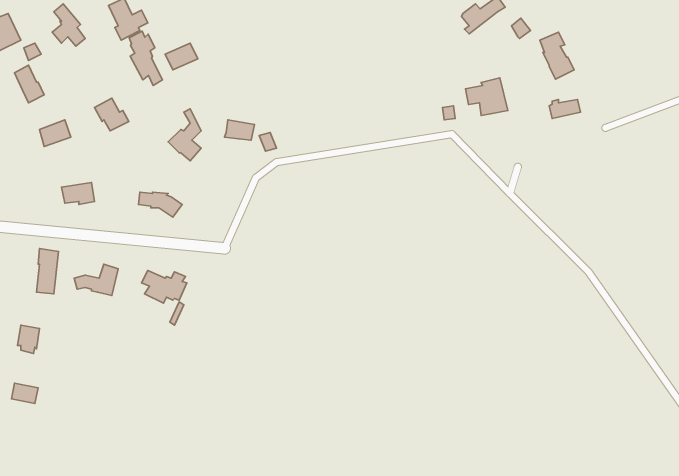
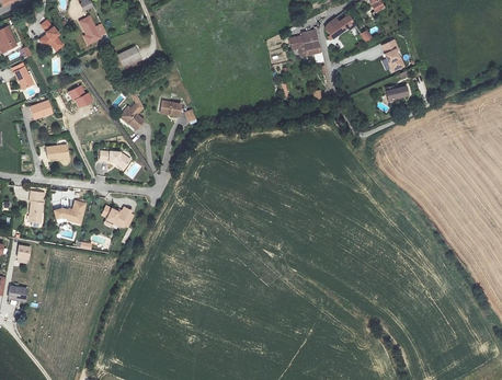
building: [129,31,162,85] -> none
building: [465,78,508,115] -> [290,30,320,56]

